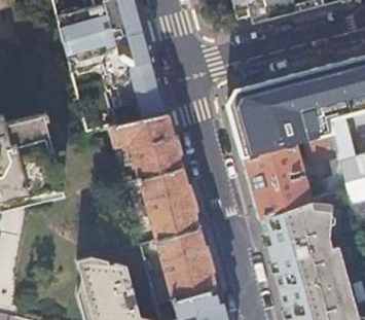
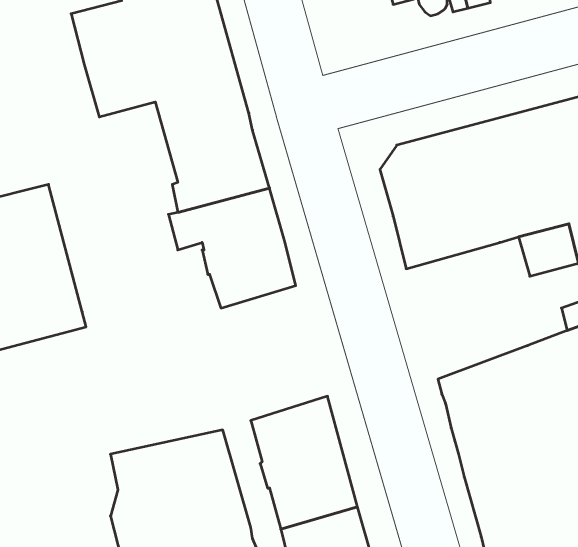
building: [242,142,308,217] -> none
building: [140,166,198,240] -> none

